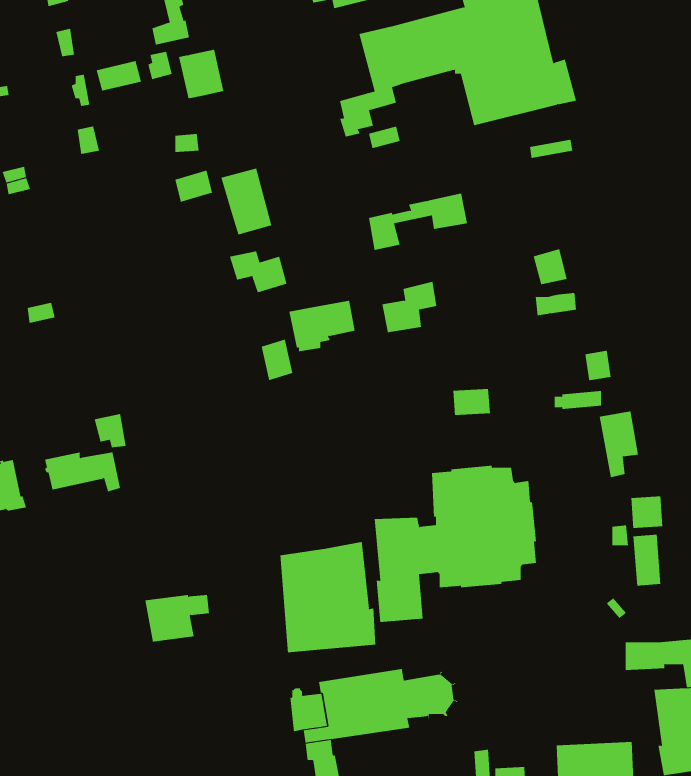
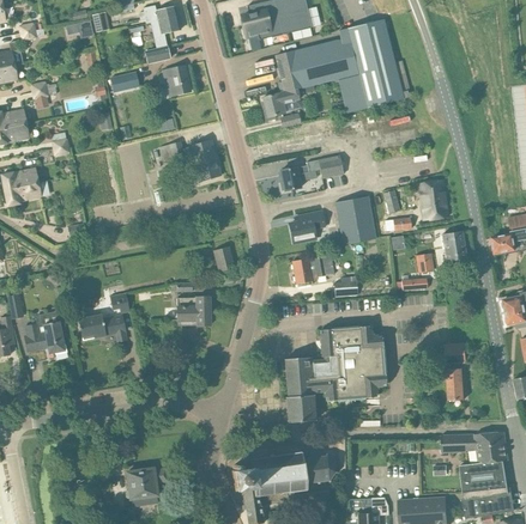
building: none -> [417,179,448,219]
building: [229,251,287,293] -> none
building: none -> [334,195,375,244]
building: [289,300,356,352] -> [291,254,333,286]
building: [599,411,639,478] -> [441,230,466,272]
building: none -> [176,297,210,324]
building: [280,541,376,653] -> none
building: [145,594,210,642] -> [126,468,167,498]

